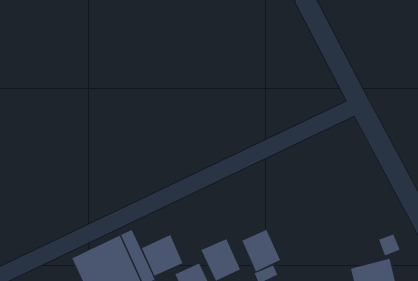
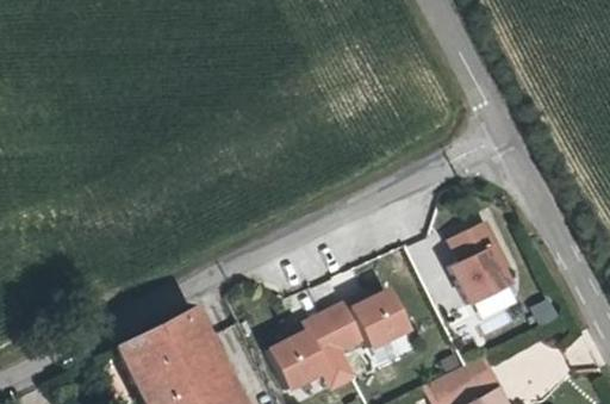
building: none -> [442,217,516,306]
building: [141,234,183,277] -> none

